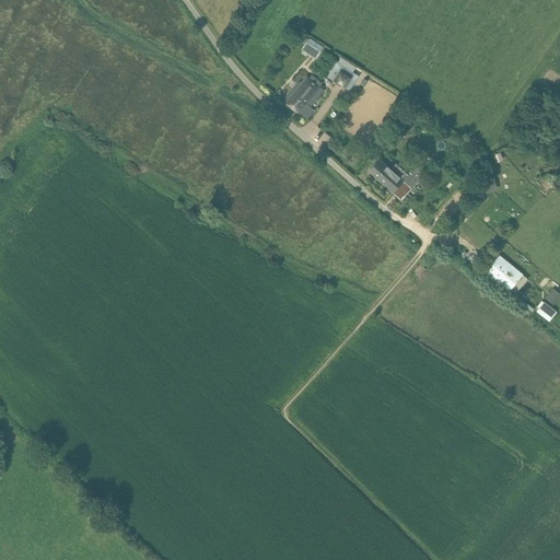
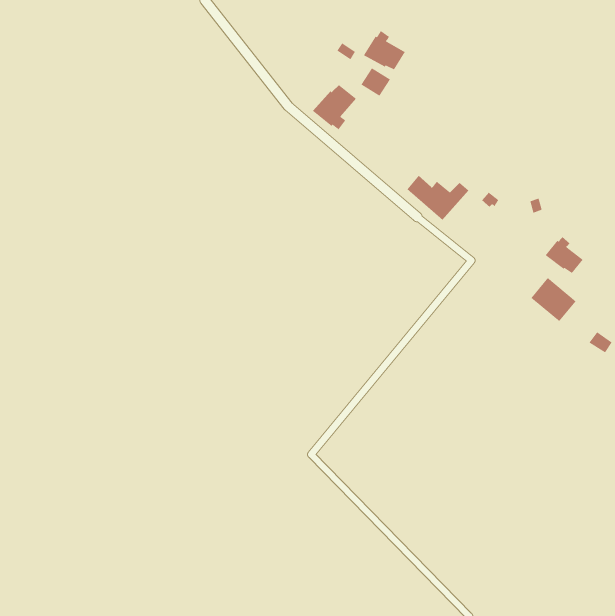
building: none -> [363,30,406,70]
building: none -> [545,236,584,274]

